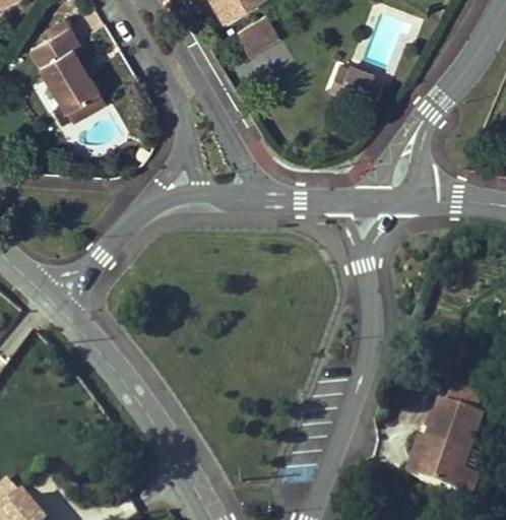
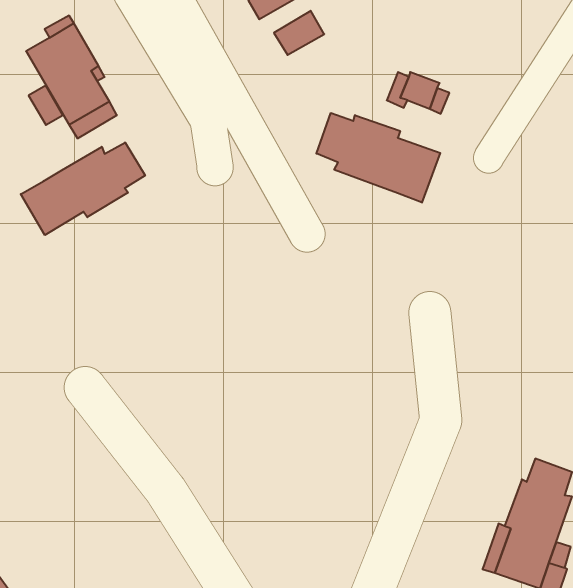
building: none -> [316,113,440,203]
building: none -> [21,142,145,235]

